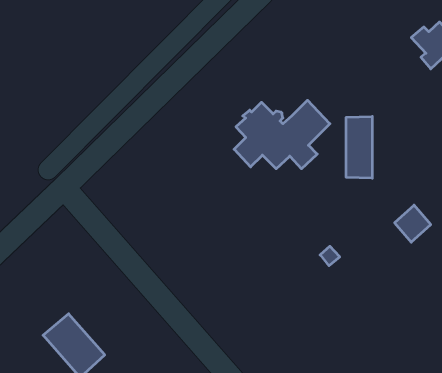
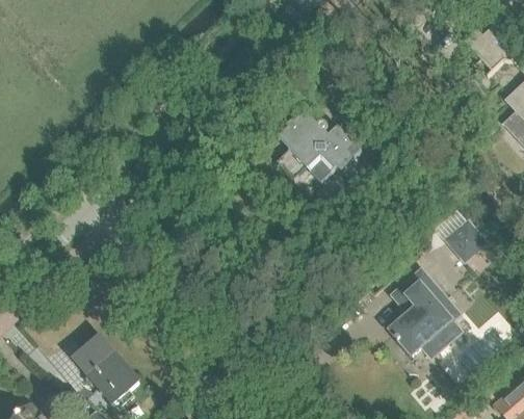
building: [346,116,372,178] -> none
building: none -> [390,269,460,355]

